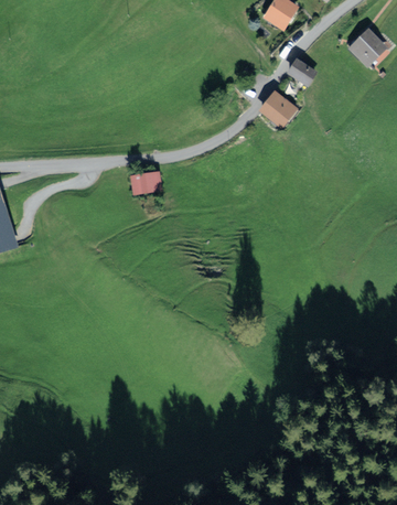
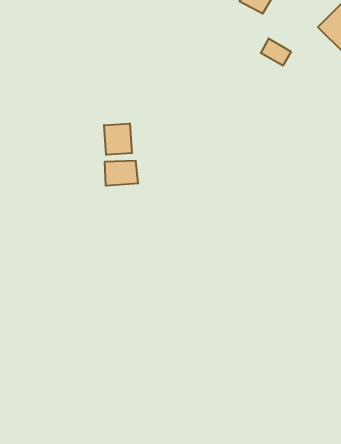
building: [260,89,298,127] -> none
building: none -> [104,123,132,155]

